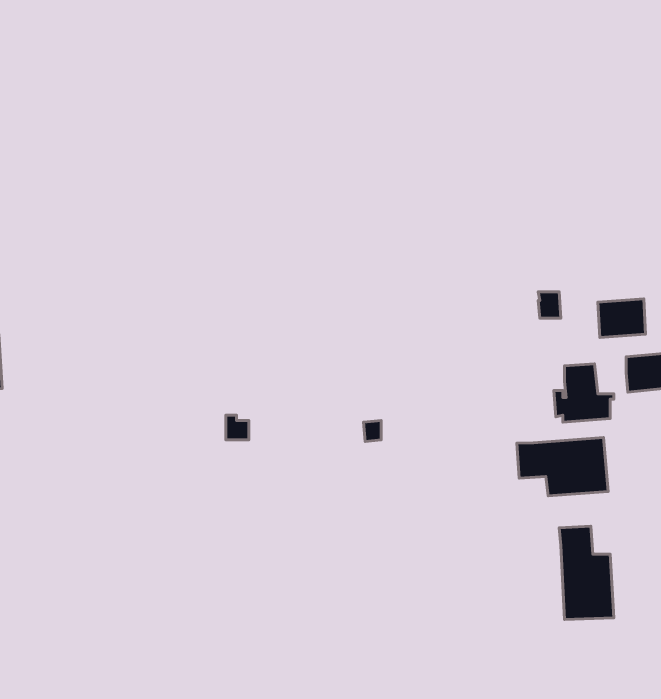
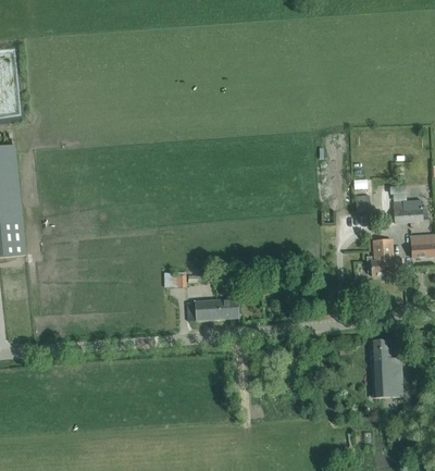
building: [517,437,608,496] -> none
building: none -> [187,298,238,319]

